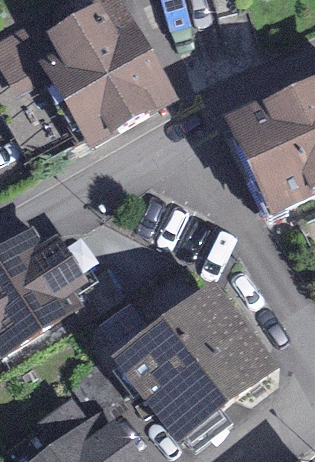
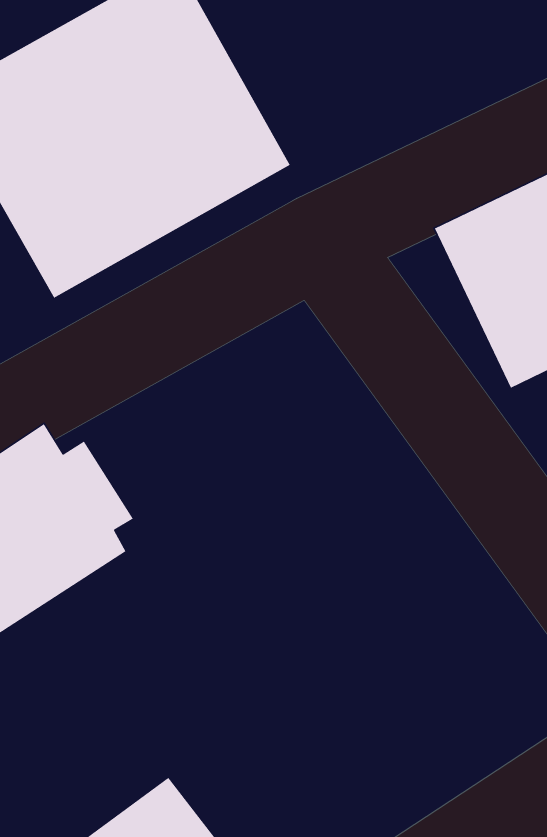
building: [127,287,268,424] -> none

